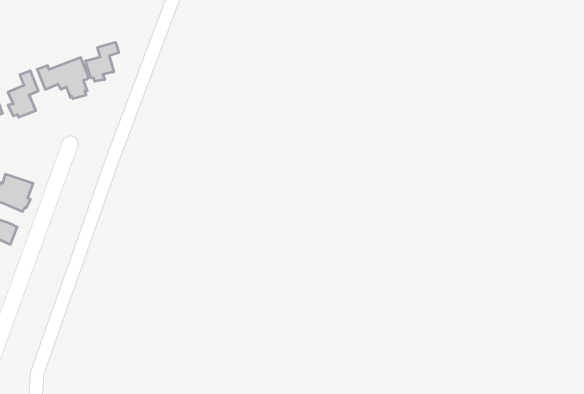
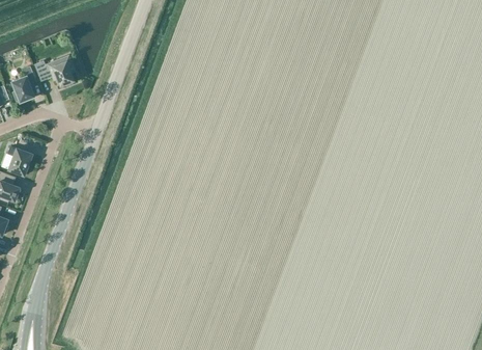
building: [86,42,119,81] -> none

